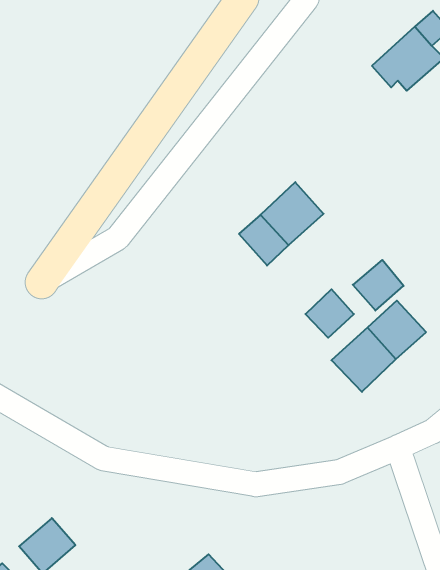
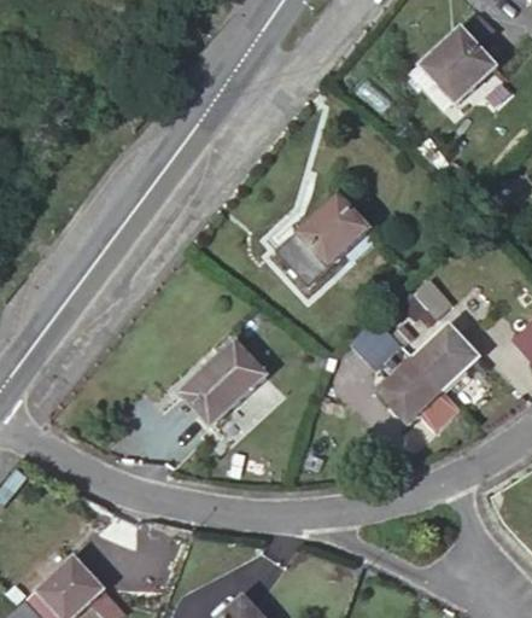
building: none -> [181,342,267,425]

